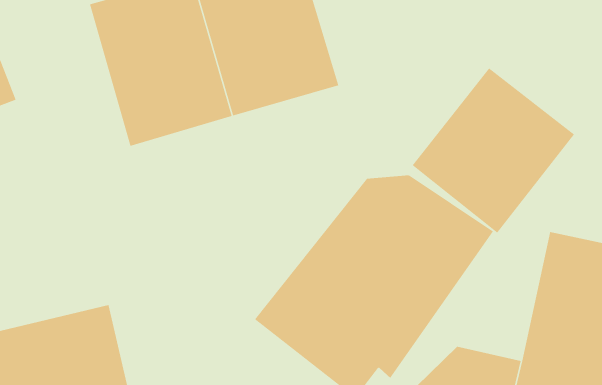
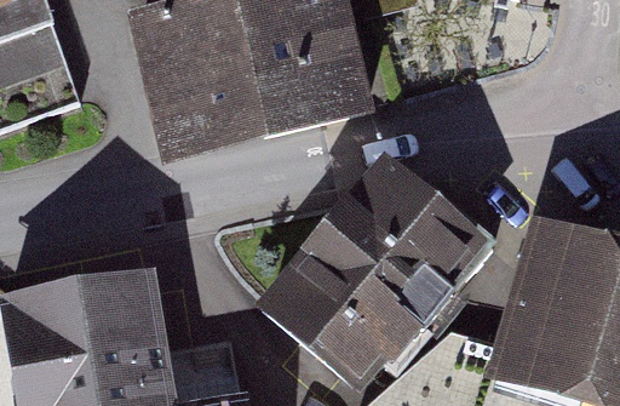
building: [412,68,575,233] -> none

